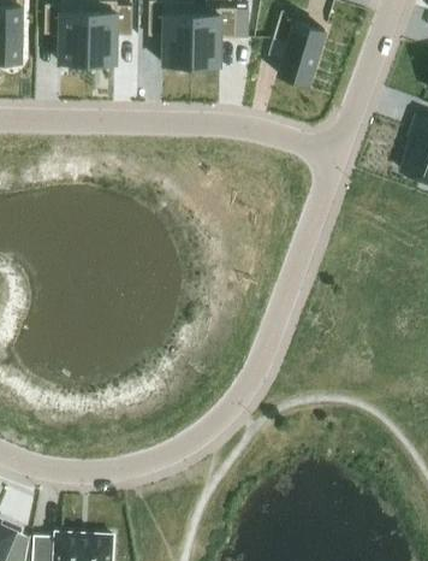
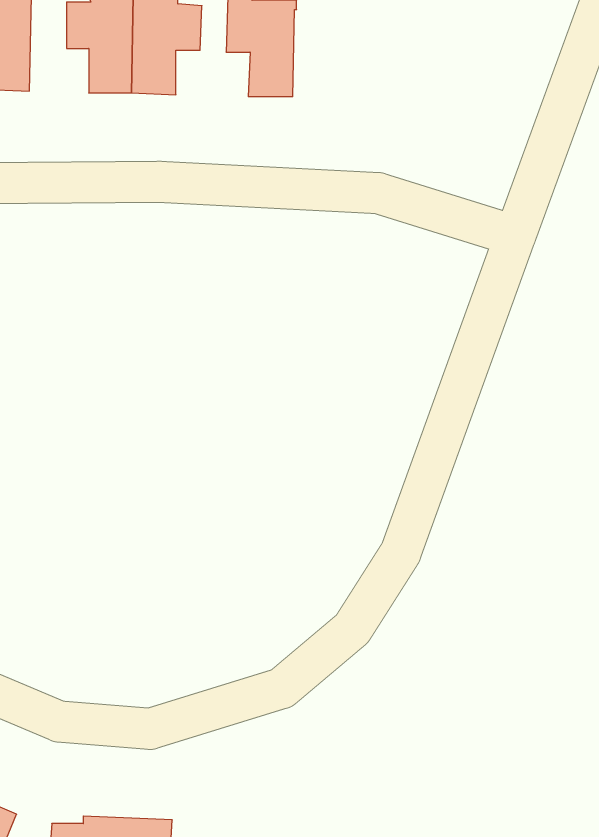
building: [192,10,237,67] -> none
building: [274,12,326,85] -> none

